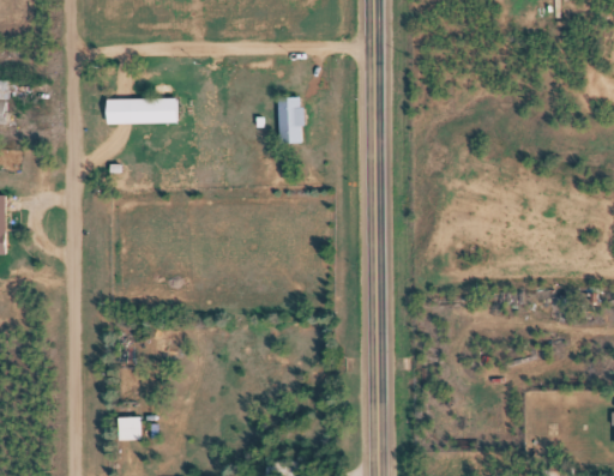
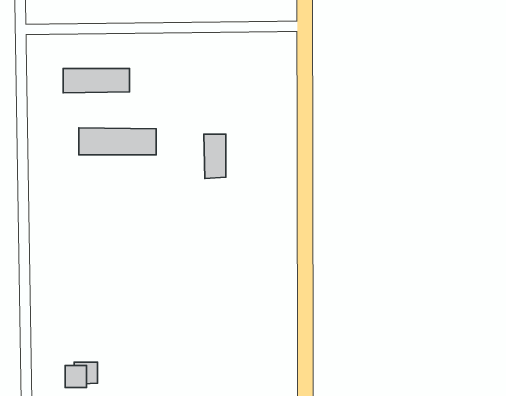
building: [276,95,300,143] -> [204,134,226,178]
building: none -> [79,128,156,155]

